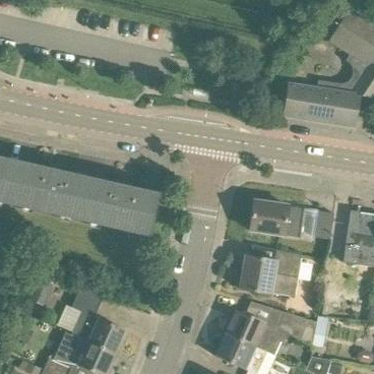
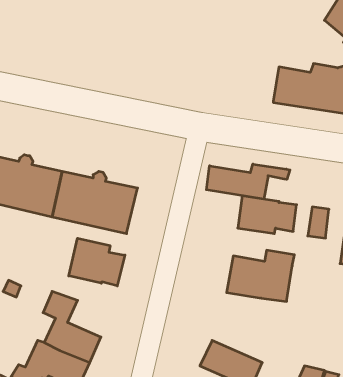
building: none -> [206,164,290,199]
building: none -> [69,238,125,286]
building: [227,309,316,353] -> none

